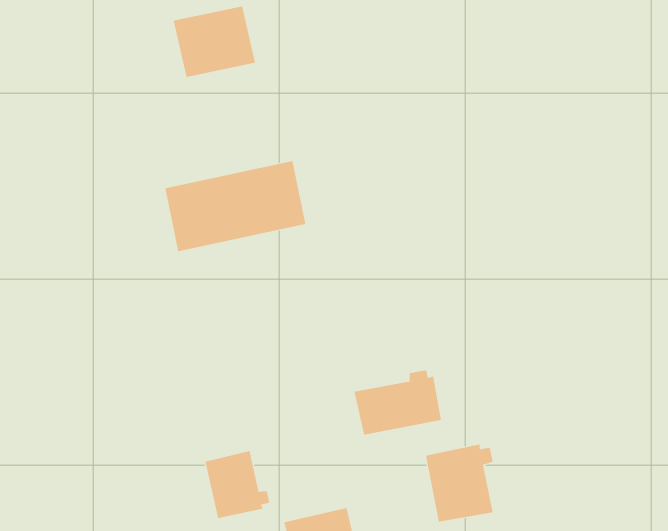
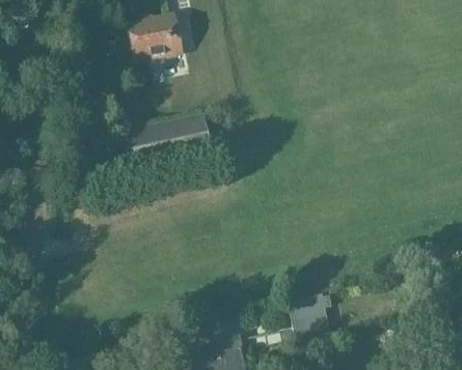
building: [354,369,442,436] -> none
building: [205,450,270,519] -> none

